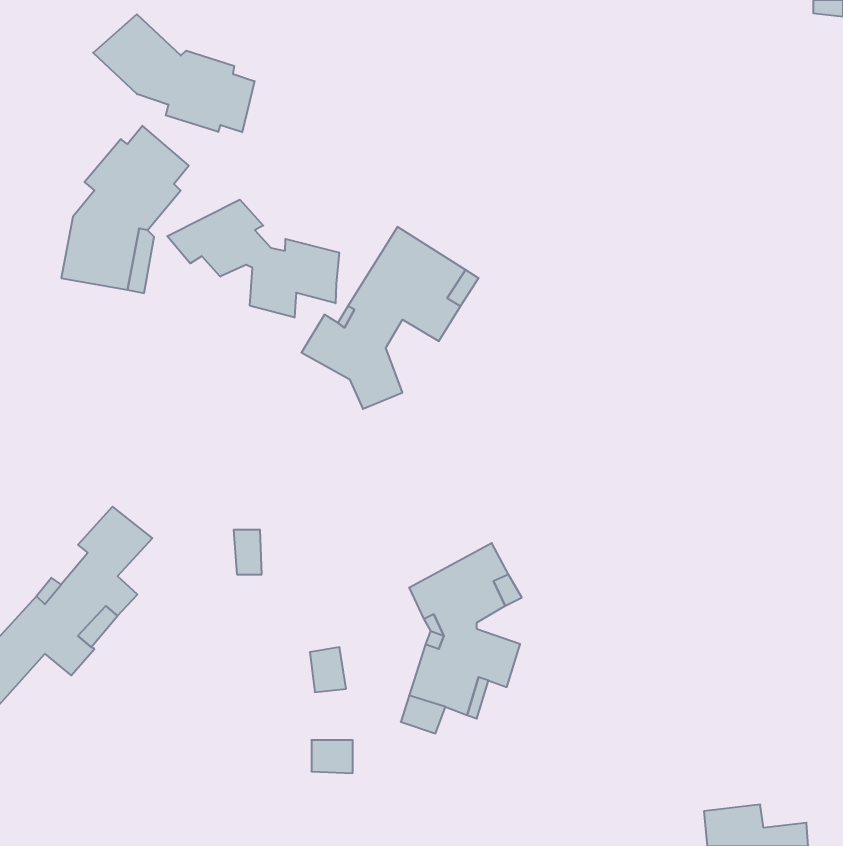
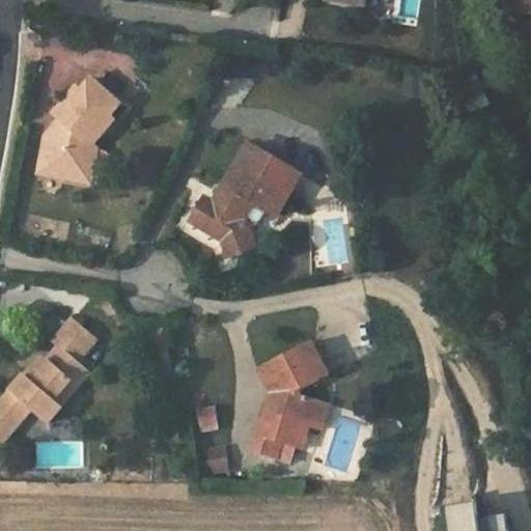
building: [93,14,255,132] -> none
building: [167,200,339,318] -> none

